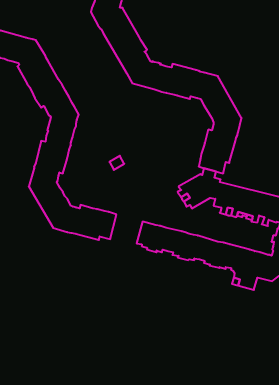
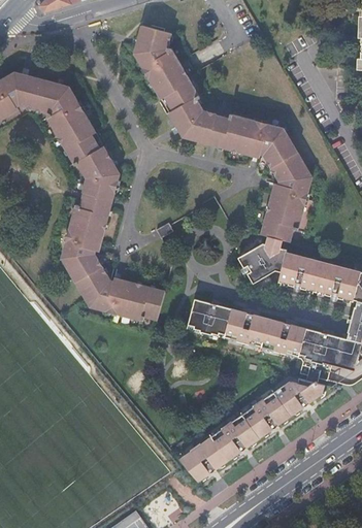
building: none -> [179,378,325,482]

